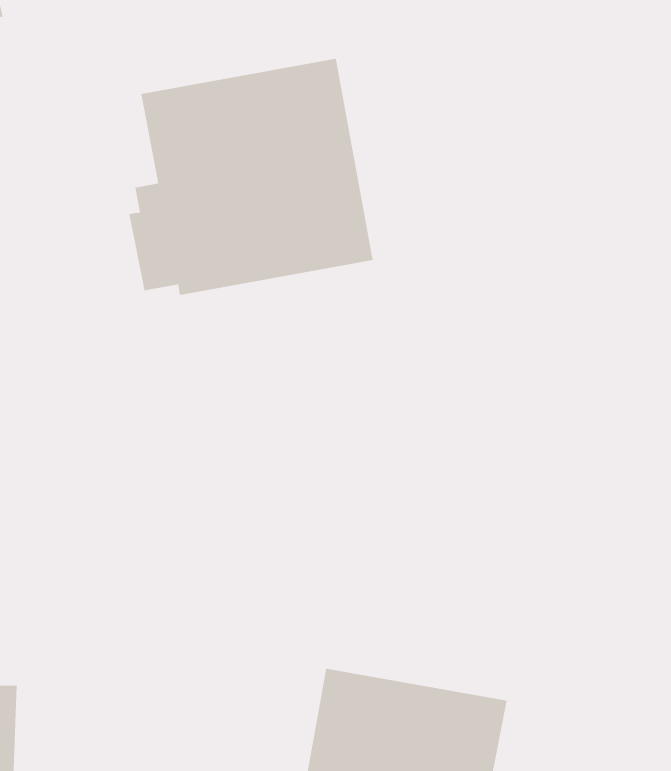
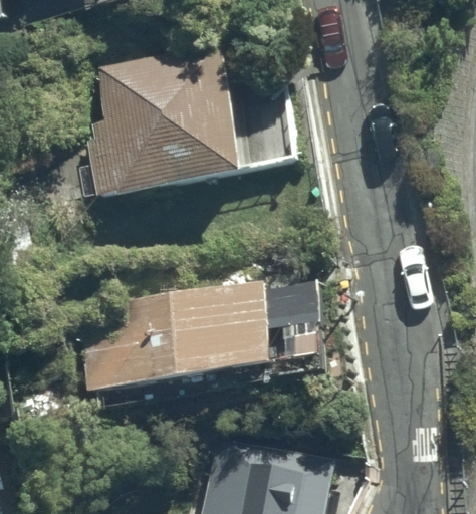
building: none -> [74,284,274,395]

